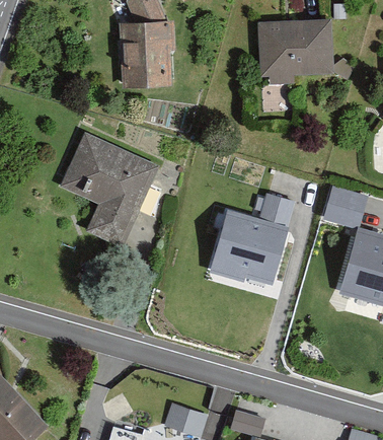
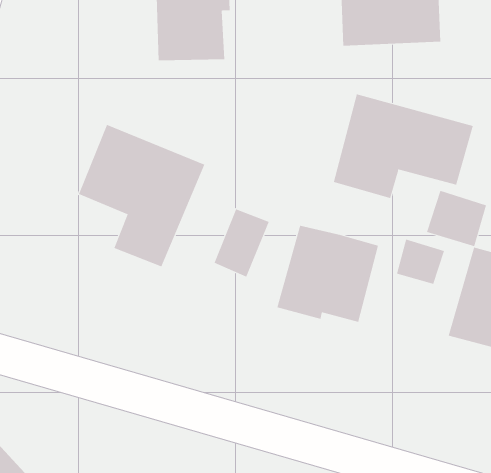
building: none -> [333,93,474,199]
building: [258,192,295,226] -> [396,239,445,285]
building: none -> [214,209,270,277]

